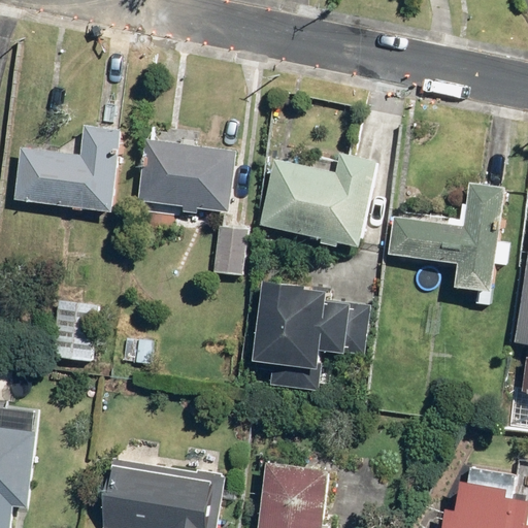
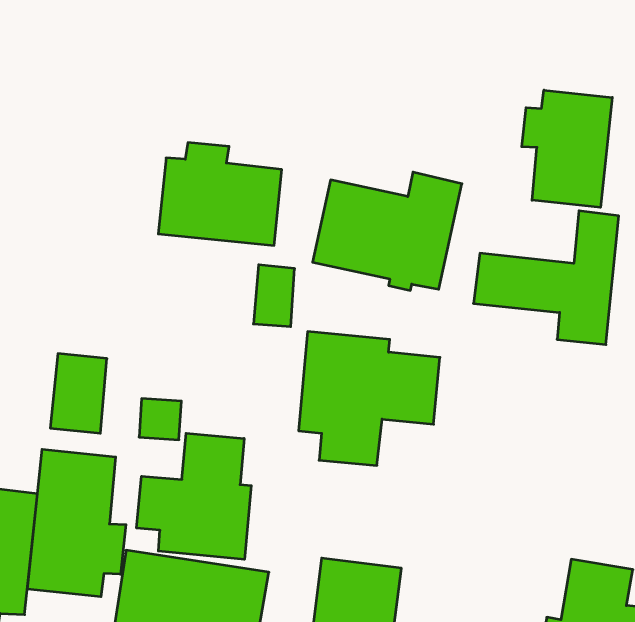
building: none -> [522,90,612,207]
building: [12,126,122,213] -> none
building: none -> [137,433,251,559]
building: none -> [27,449,126,597]

